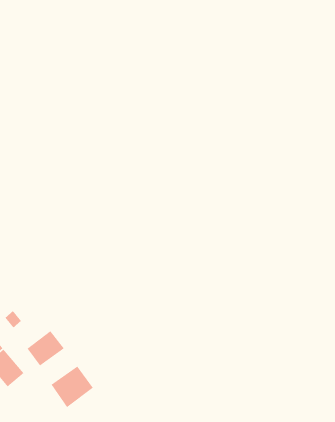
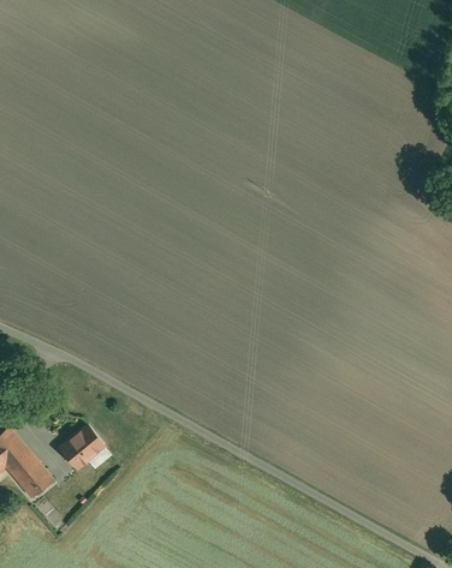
building: [50,365,94,408] -> none

